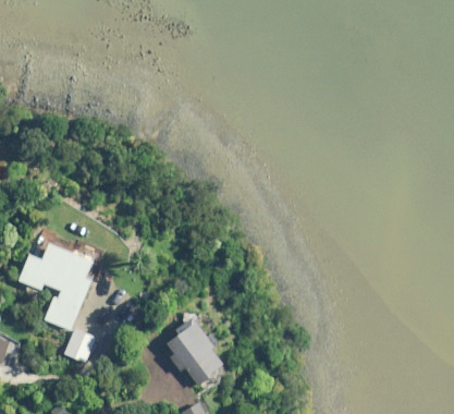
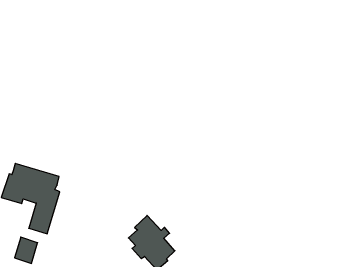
building: [64,329,94,362] -> [15,237,38,263]

